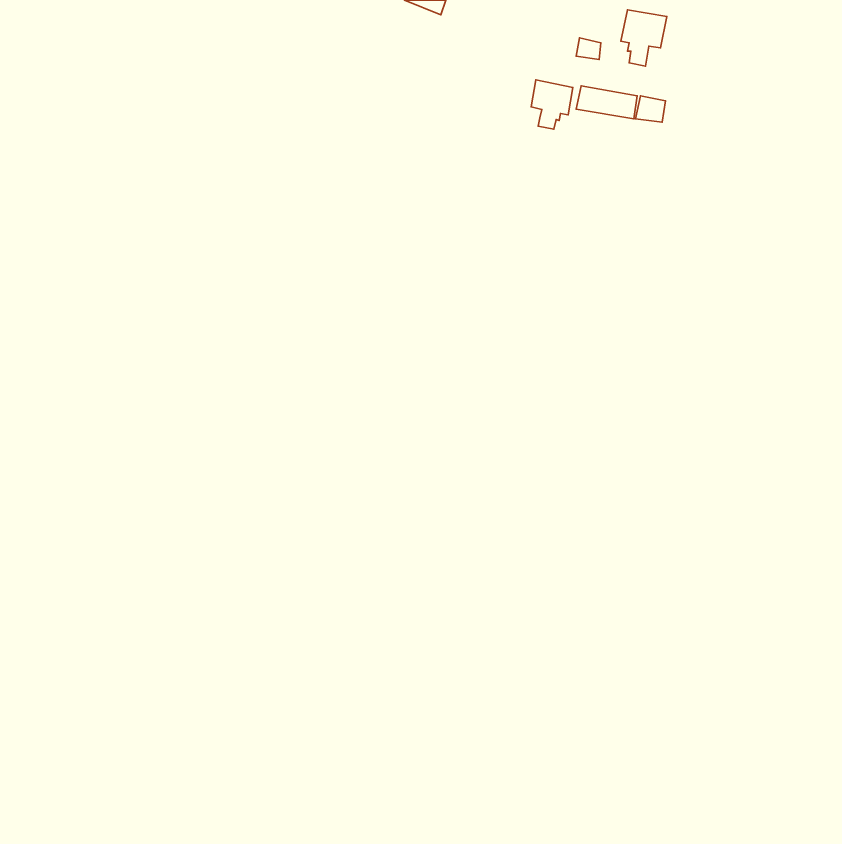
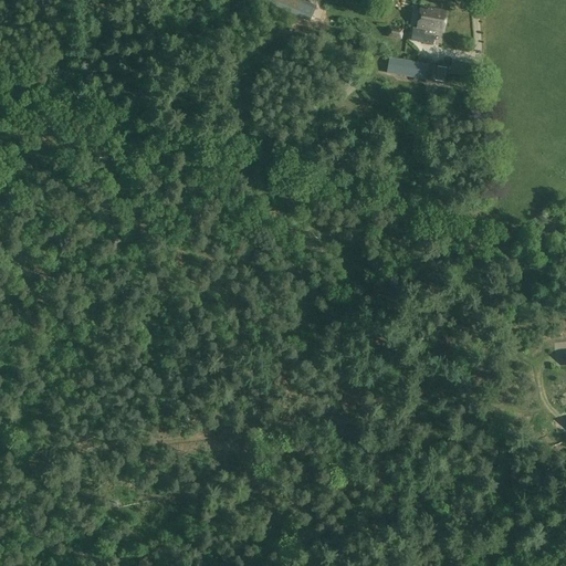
building: [531,80,573,129] -> none

